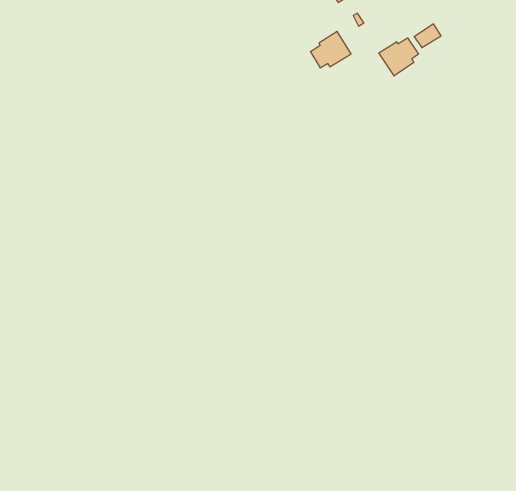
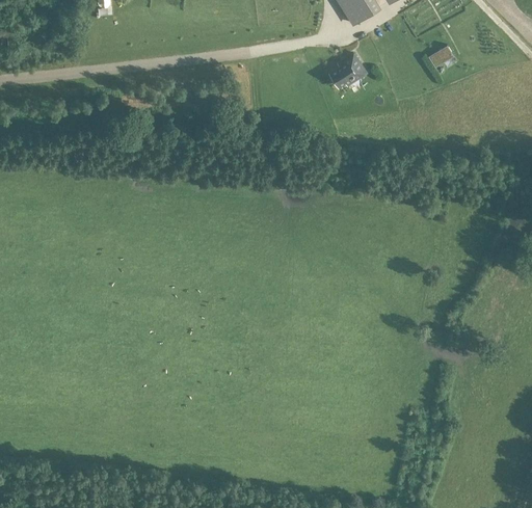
building: [379,38,418,76] -> none

